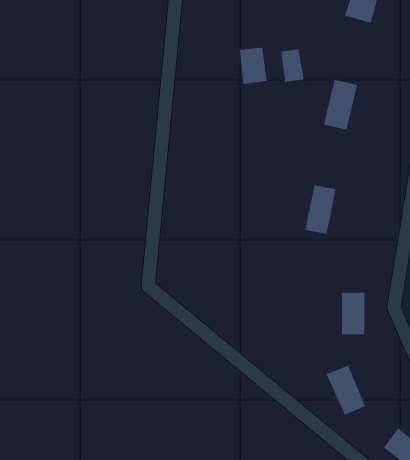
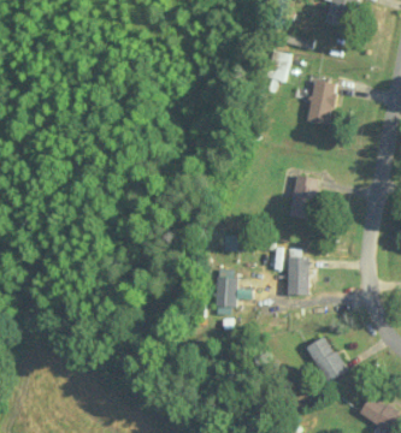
building: [240,47,267,85] -> none
building: none -> [217,269,235,308]
building: [341,292,365,335] -> [287,256,308,295]

